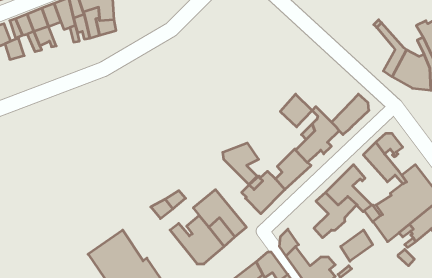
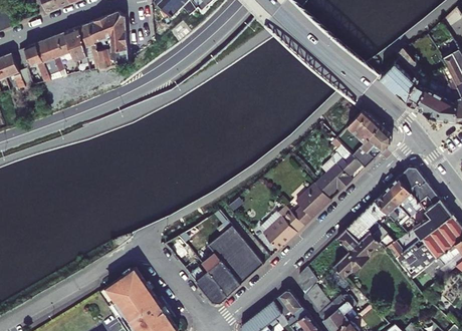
building: none -> [380,63,418,102]
building: [280,94,312,127] -> [346,109,380,143]
building: [223,143,259,184] -> none
building: none -> [407,182,439,211]
building: none -> [375,190,410,227]
building: [341,230,373,261] -> none

